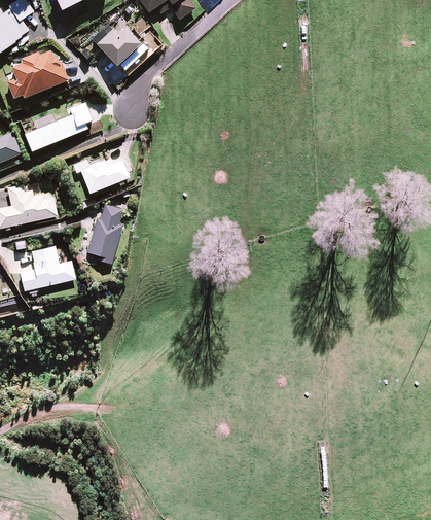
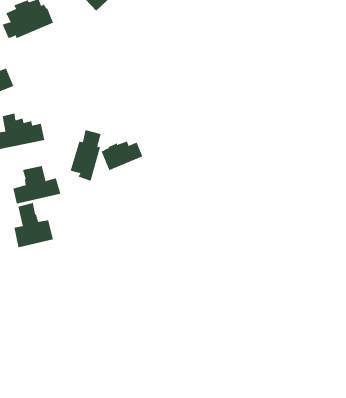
building: [25,102,93,151] -> none
building: [80,159,130,194] -> [101,141,143,171]
building: none -> [14,202,53,248]

